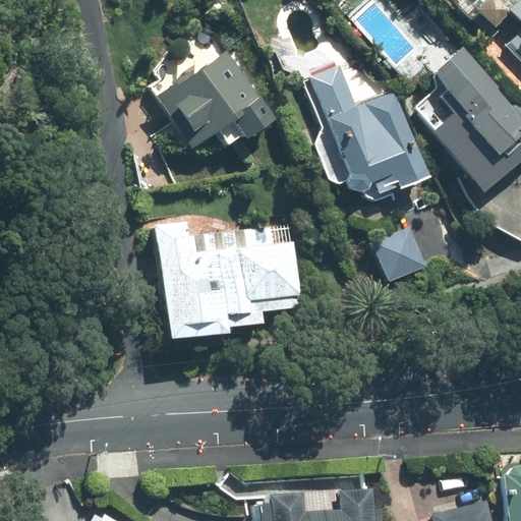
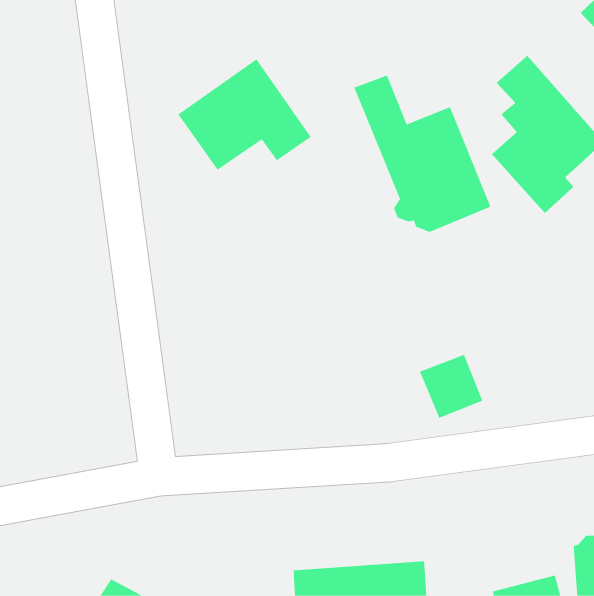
building: [153,221,302,340] -> none
building: [370,226,426,282] -> [419,354,483,418]

